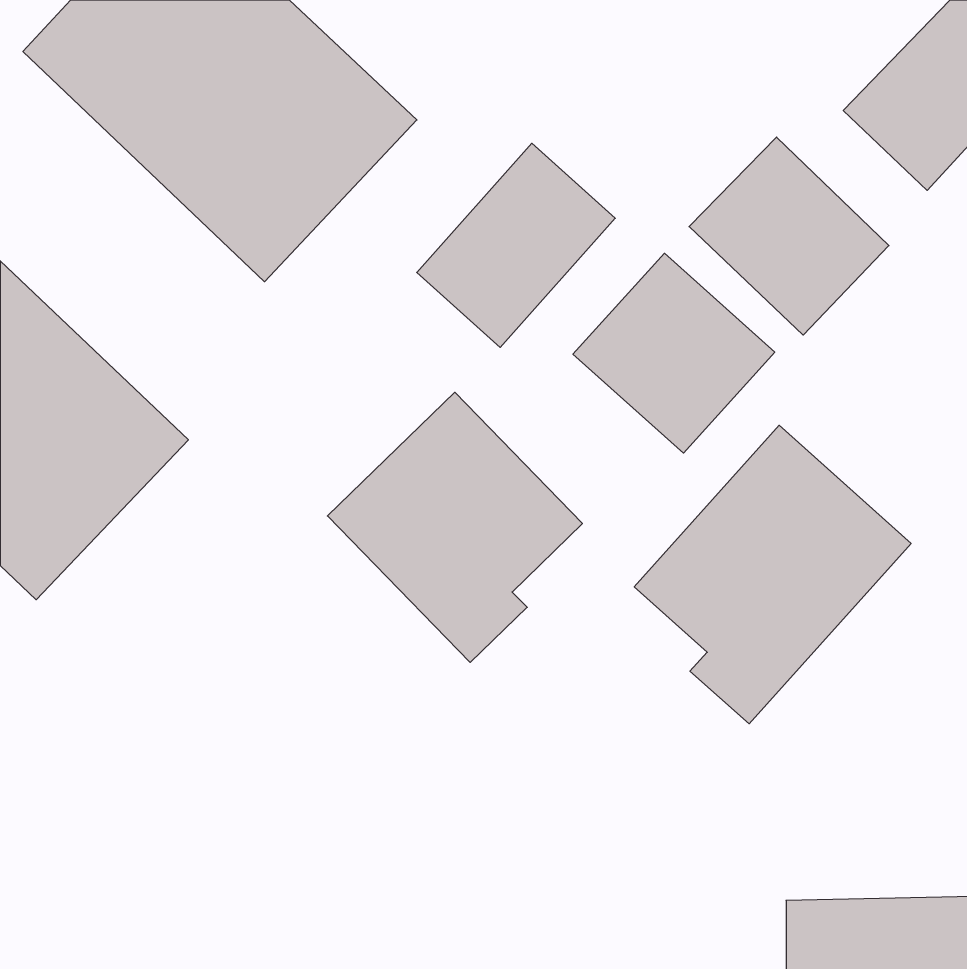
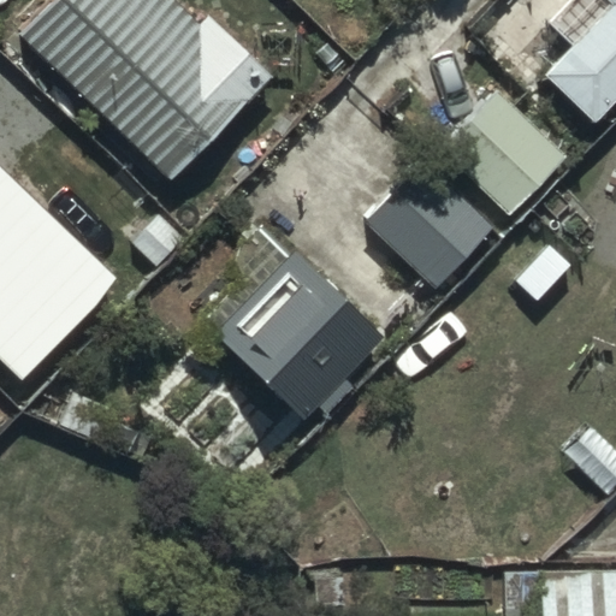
building: [417,143,615,347] -> none
building: [634,425,911,724] -> none

